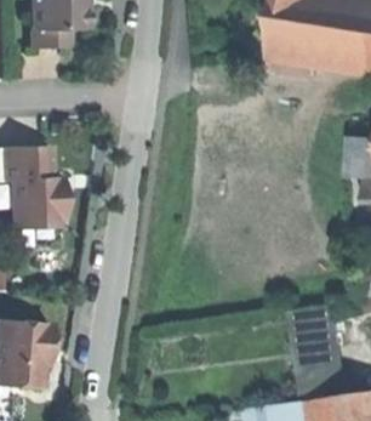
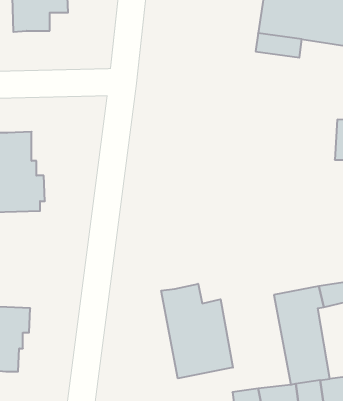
building: none -> [161,284,233,378]

